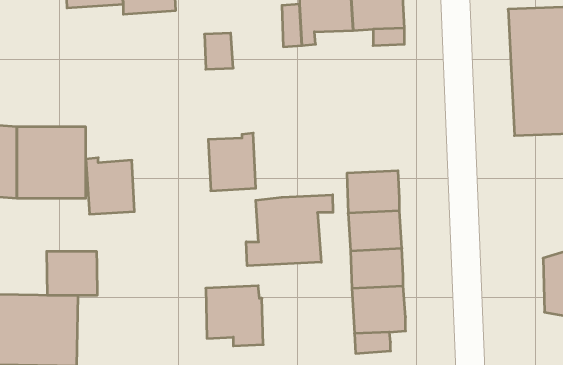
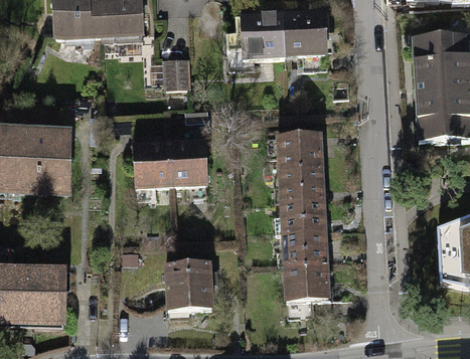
building: none -> [279,133,322,169]
building: [86,158,134,214] -> [132,140,171,185]
building: [246,195,333,266] -> none
building: [47,251,97,295] -> none

